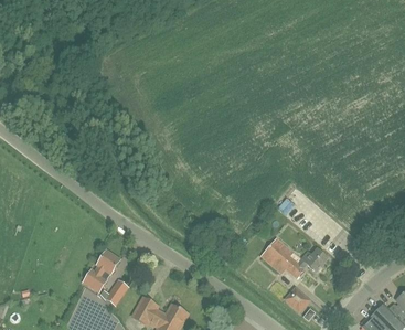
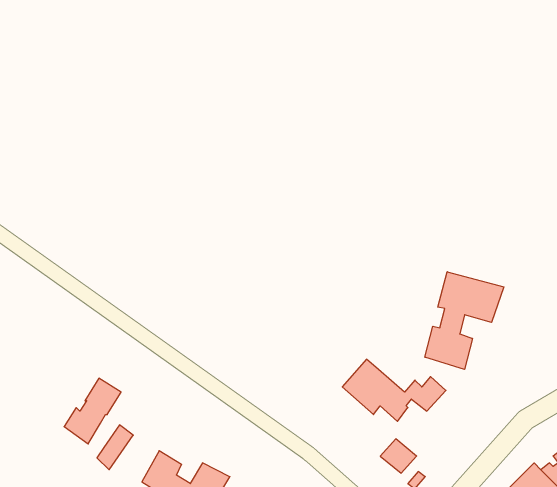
building: none -> [425,272,504,369]

